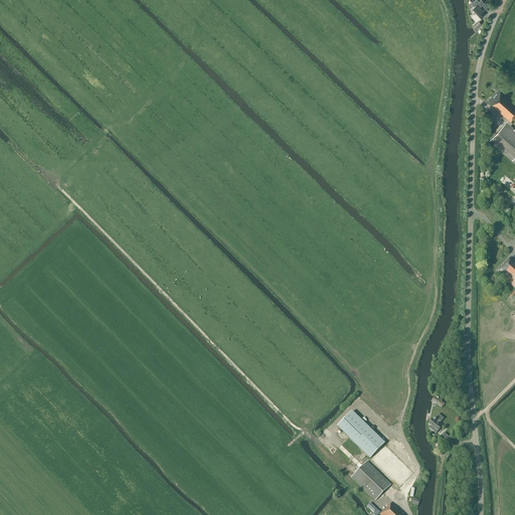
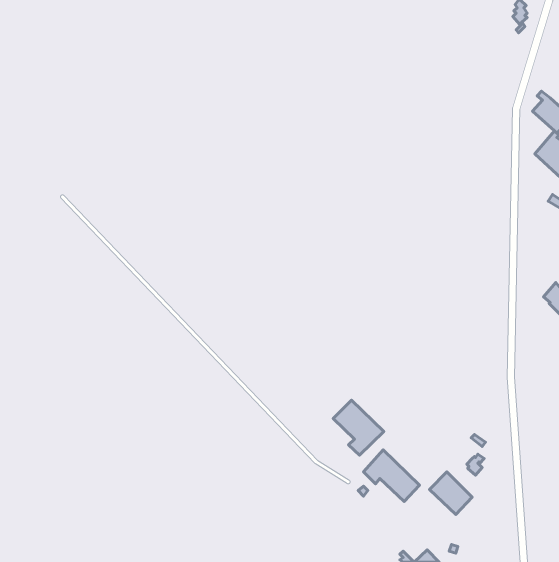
building: none -> [333,400,384,455]
building: [353,462,392,501] -> [429,472,472,515]

